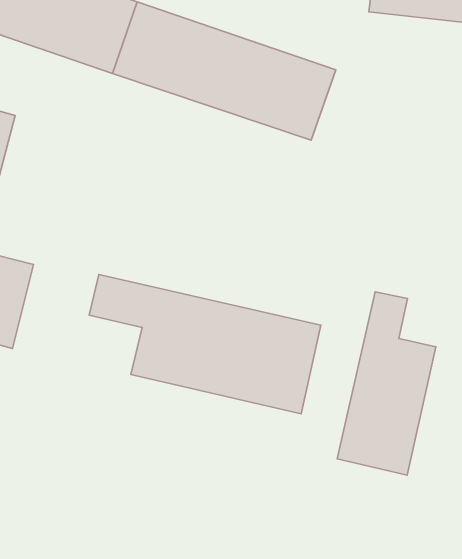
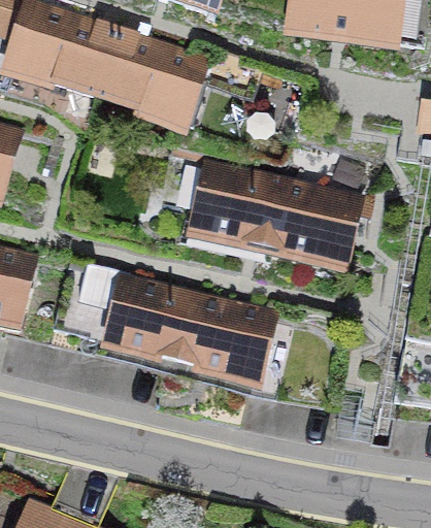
building: none -> [204,182,379,280]
building: [337,292,436,475] -> none

